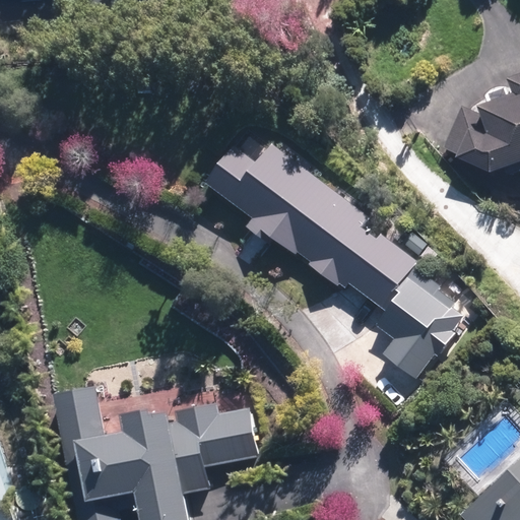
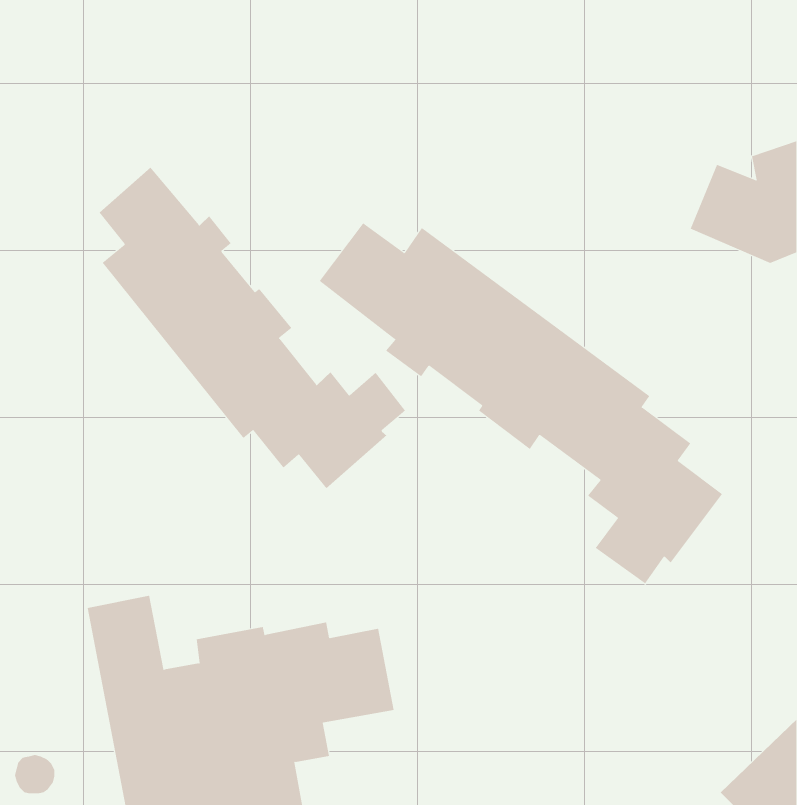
building: none -> [99,167,406,489]

